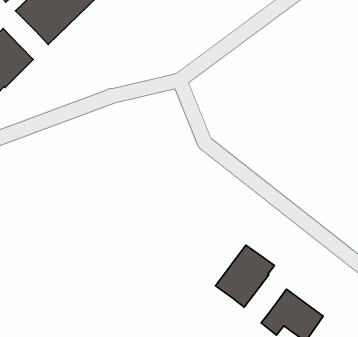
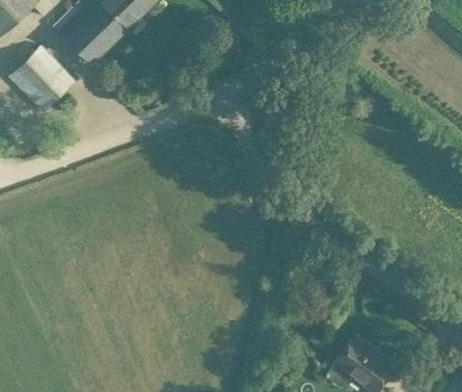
building: [215,245,274,307] -> none

